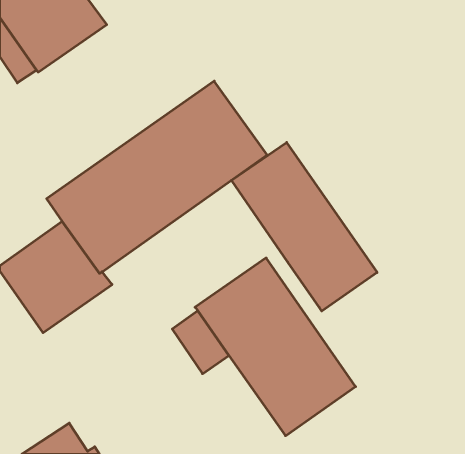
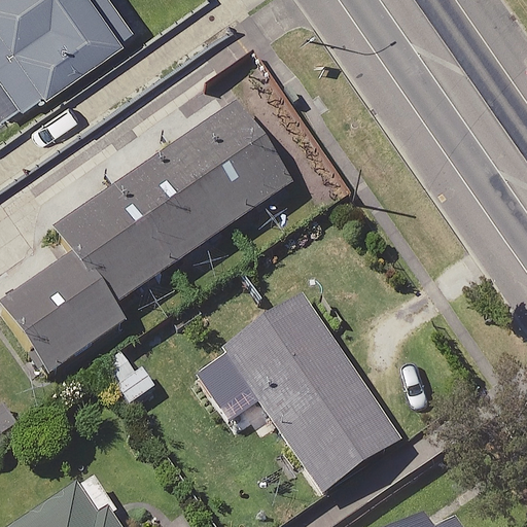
building: [231,142,377,311] -> none

